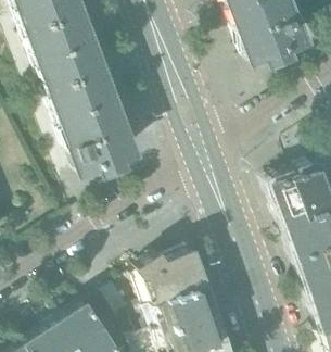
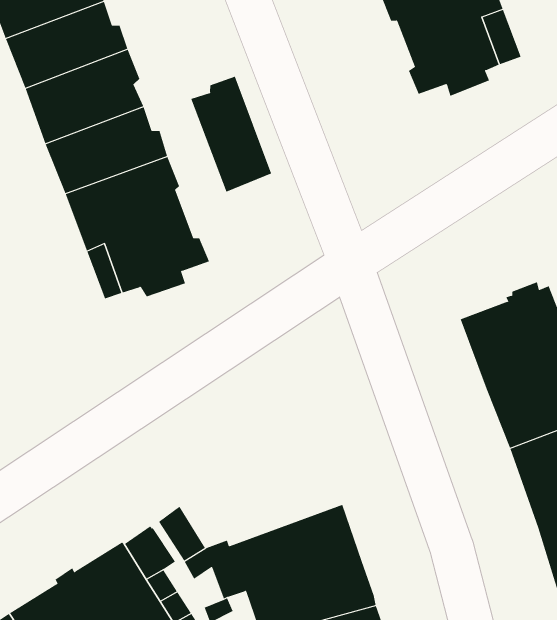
building: none -> [190,76,272,192]
building: [136,250,208,307] -> none

